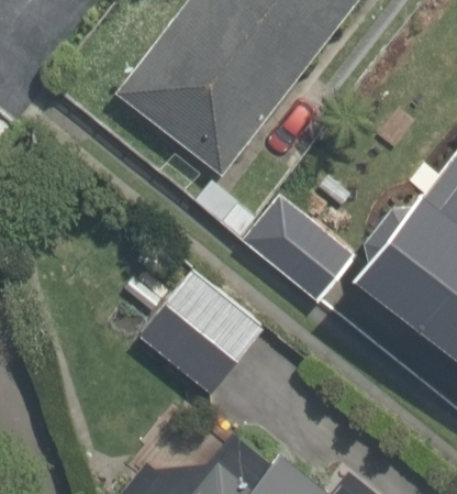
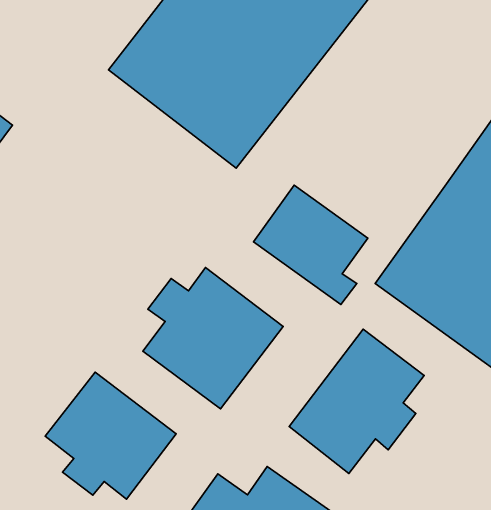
building: none -> [289,329,424,474]
building: none -> [45,372,176,499]

